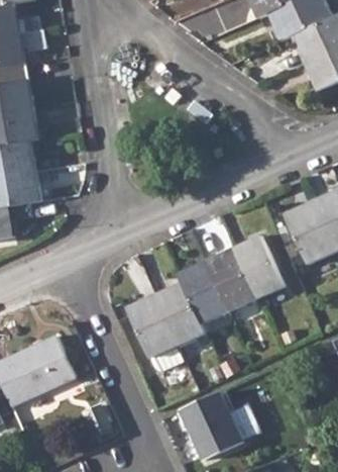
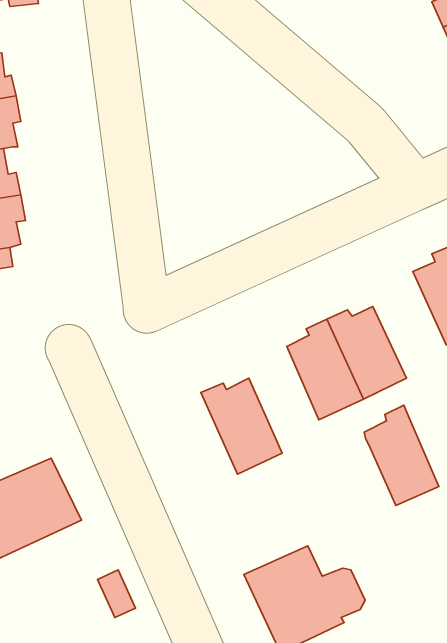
building: [180,260,227,323] -> [364,405,439,506]
building: [126,294,183,371] -> none

